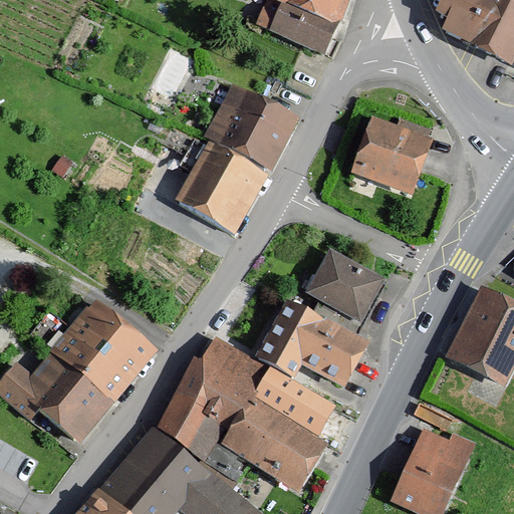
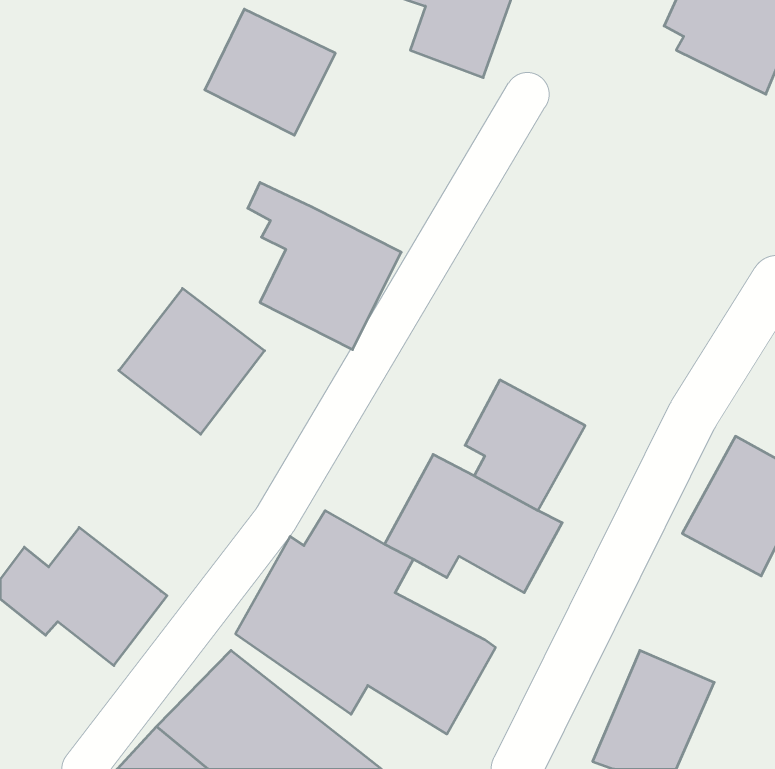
building: [207,83,293,167] -> [205,9,335,135]
building: [352,118,435,198] -> none
building: [53,294,150,391] -> [119,288,265,434]
building: [262,369,333,423] -> none

